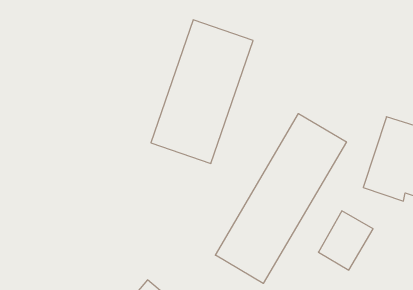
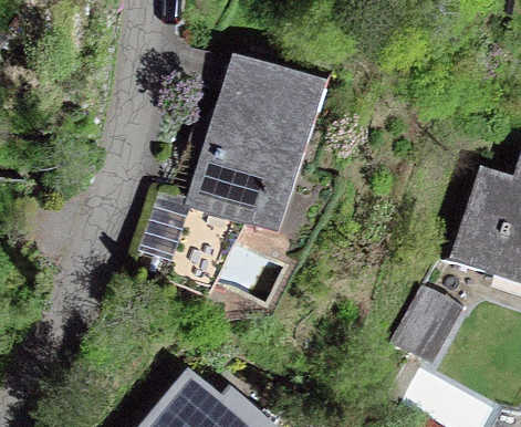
building: [215,114,346,283] -> none

